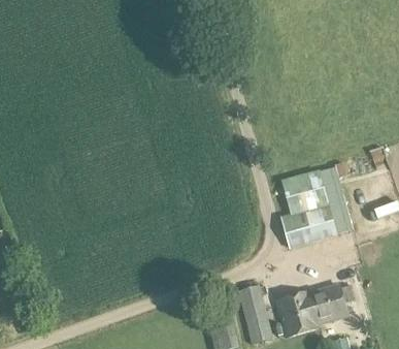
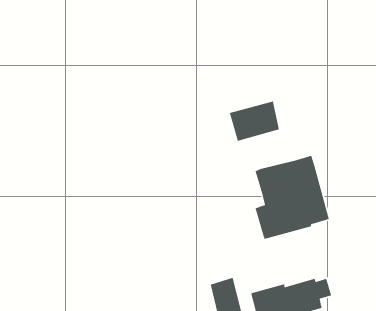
building: none -> [229,101,280,142]

